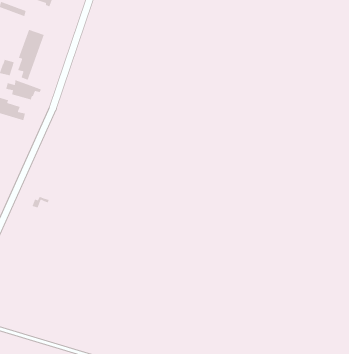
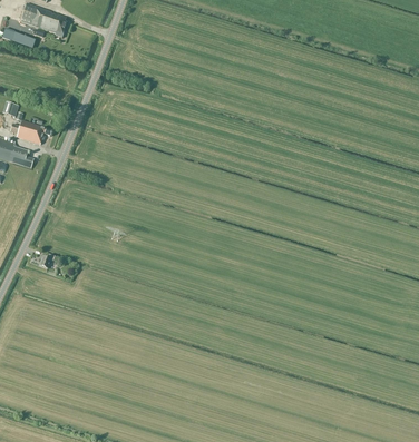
building: [17,29,45,81] -> none

